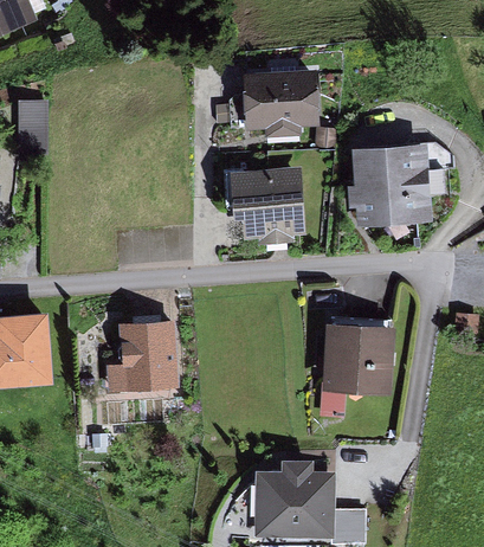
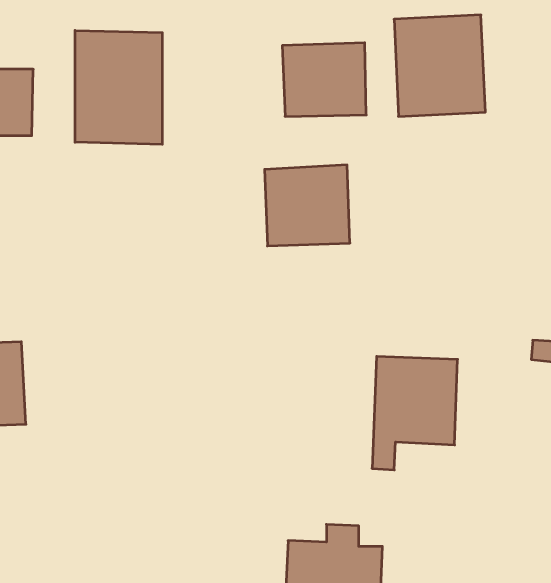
building: none -> [75,30,162,144]
building: [360,146,433,227] -> [394,15,485,116]
building: [102,322,176,393] -> none

